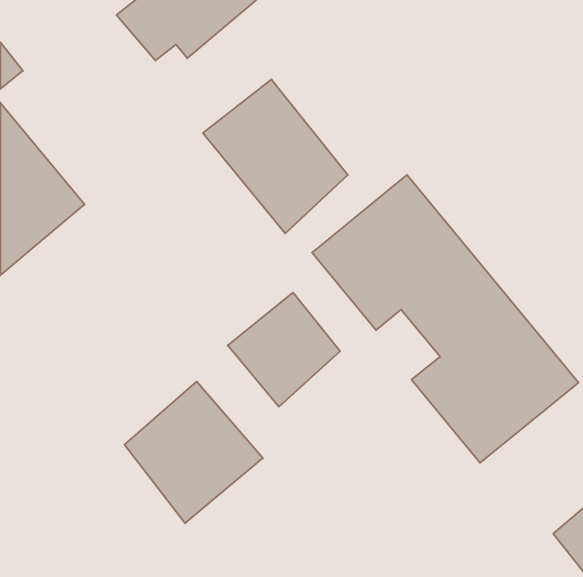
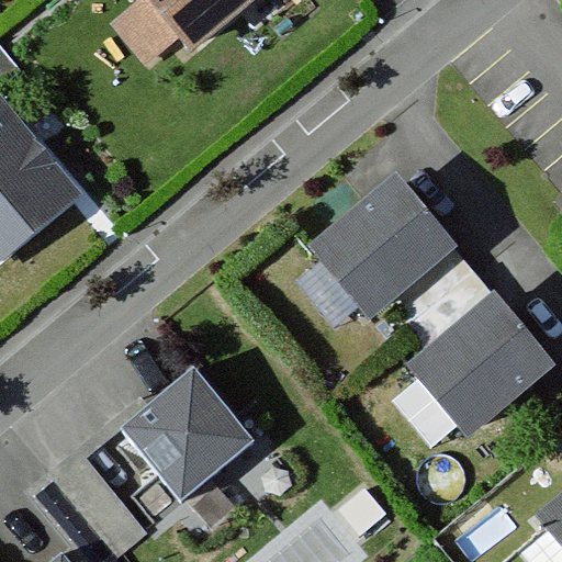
building: [203,79,348,233] -> none
building: [228,293,340,407] -> none

